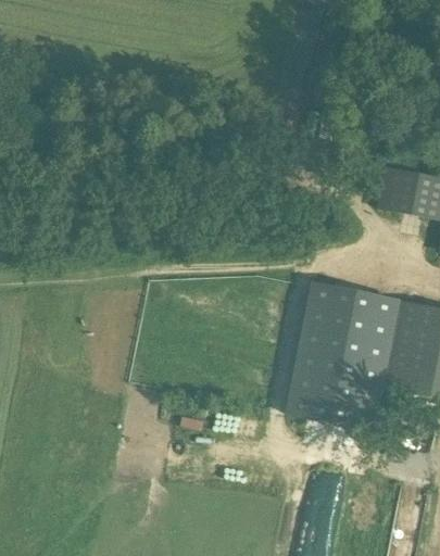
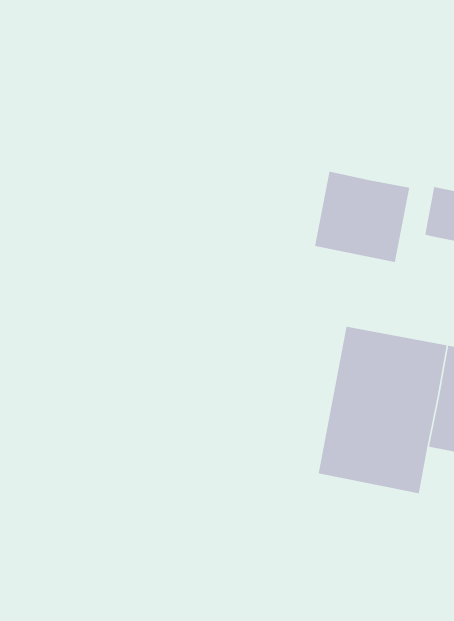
building: none -> [314,171,410,263]

